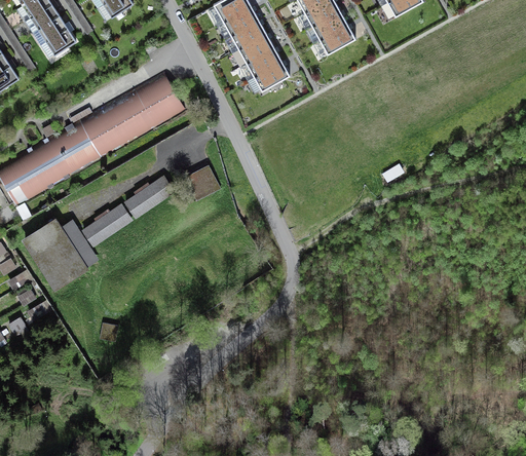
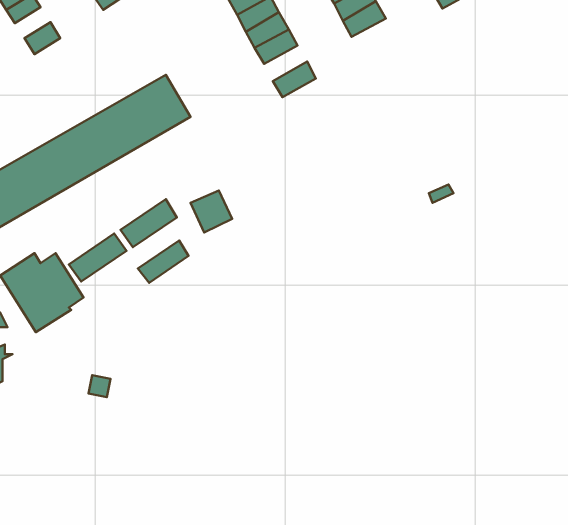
building: [37,16,67,42] -> none
building: [318,26,354,55] -> none
building: [246,48,281,78] -> none
building: none -> [138,241,188,283]

